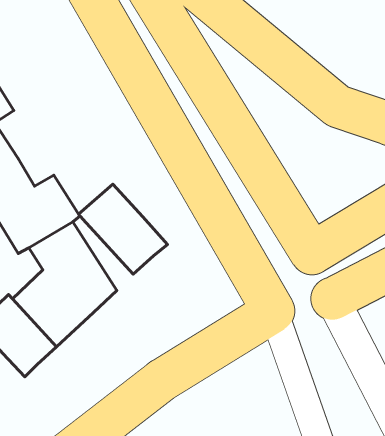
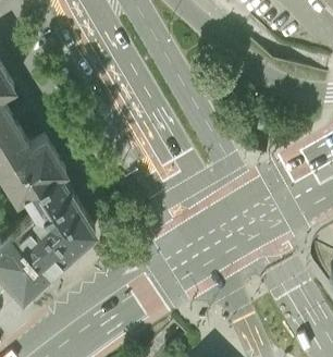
building: [78,184,167,274] -> none

